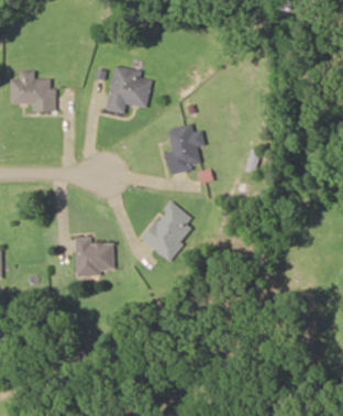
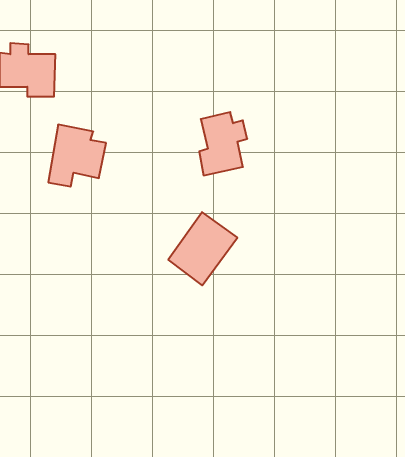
building: [106,65,151,113] -> [48,125,106,187]
building: [75,238,112,273] -> none

